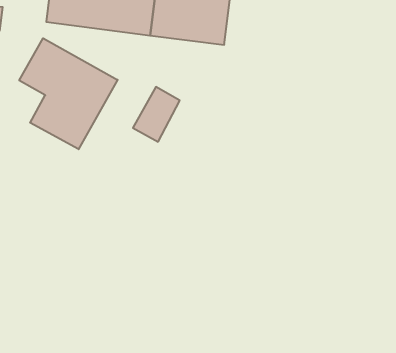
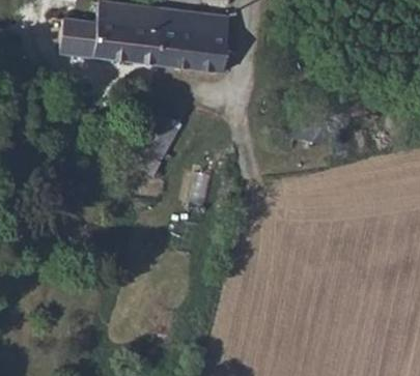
building: [19,38,118,149] -> none

